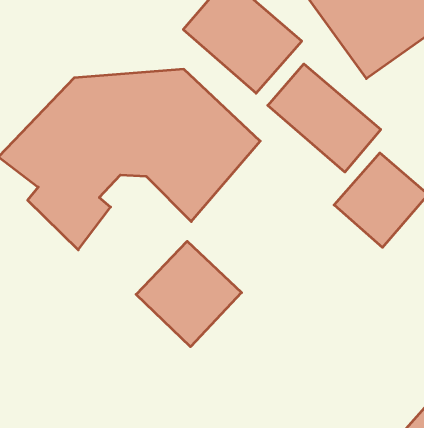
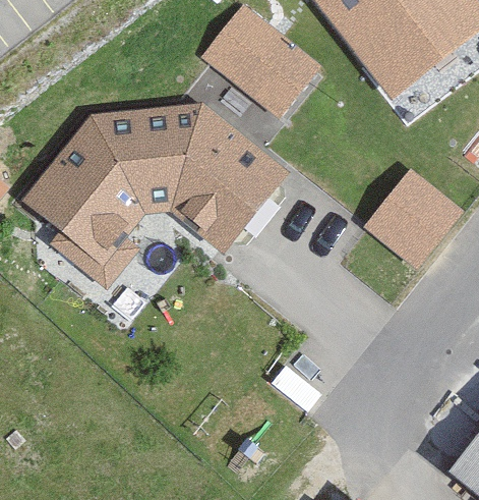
building: [268,64,381,172] -> none
building: [136,241,242,347] -> none

